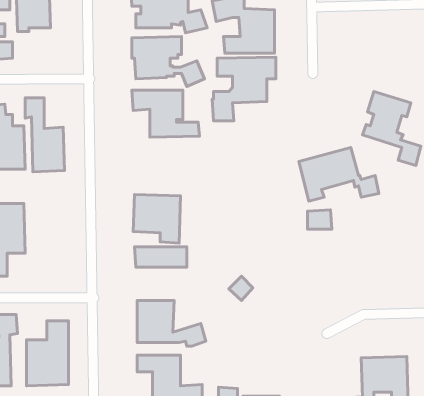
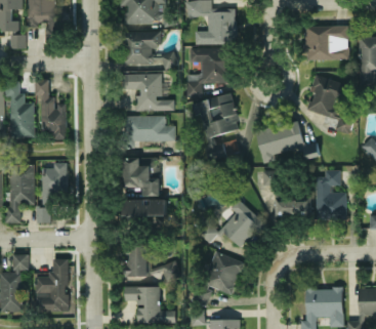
building: none -> [303,26,350,60]
building: none -> [190,92,239,161]
building: none -> [122,117,175,148]
building: none -> [37,162,68,223]
building: none -> [316,170,346,220]
building: none -> [275,197,310,217]
building: none -> [220,200,266,251]
building: none -> [202,251,244,295]

